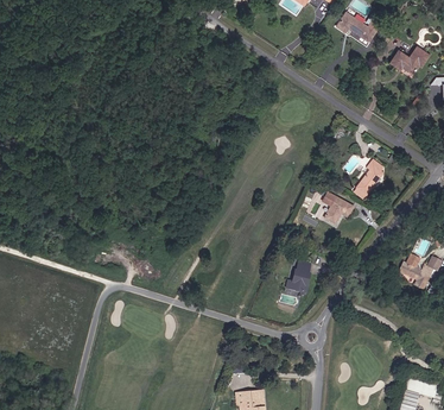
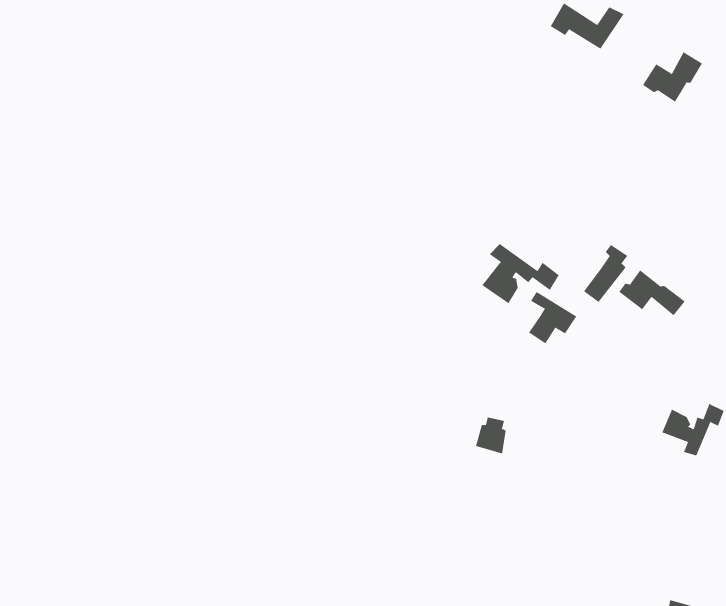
building: none -> [482,243,560,304]
building: none -> [618,269,685,316]

